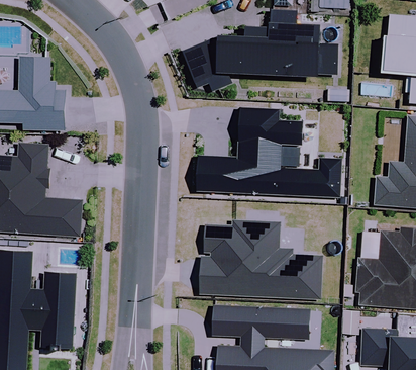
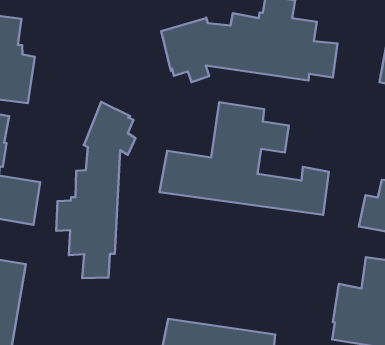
building: none -> [56,102,135,278]
building: [200,219,323,299] -> none

